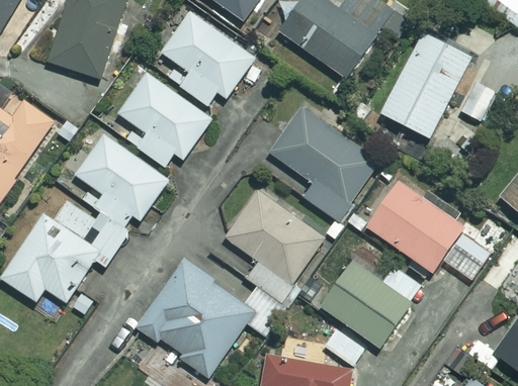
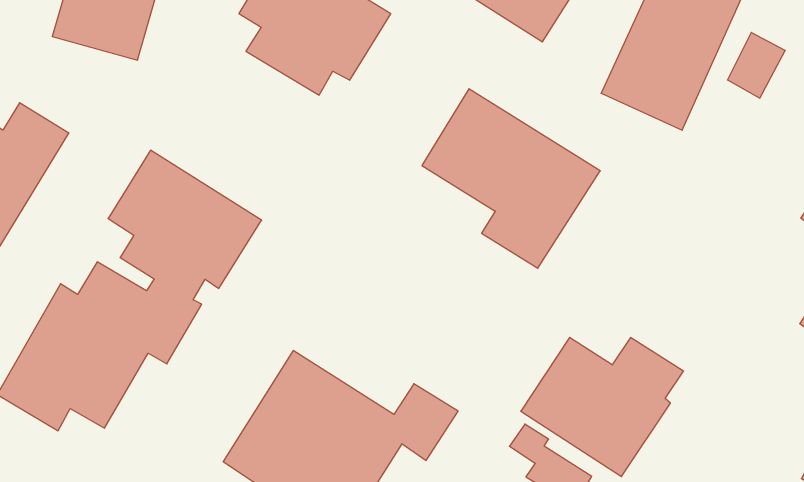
building: [118,73,212,166] -> none
building: [368,181,488,279] -> none
building: [225,191,328,303] -> none

